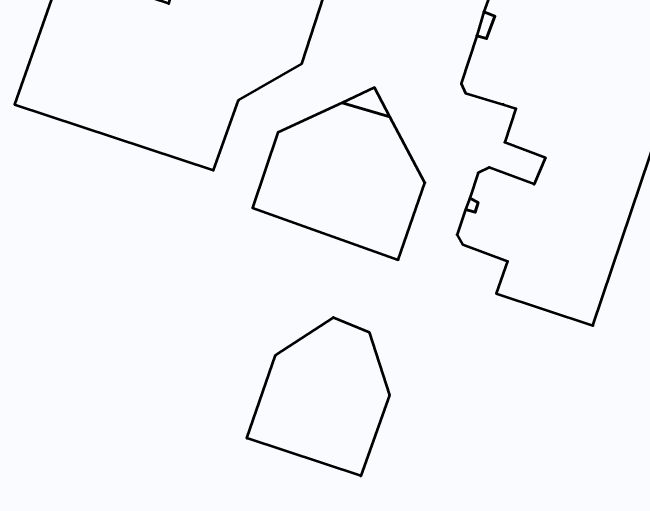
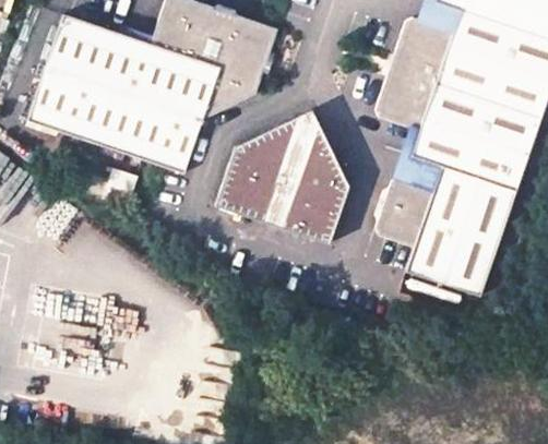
building: none -> [394,121,444,183]
building: [247,317,389,476] -> none

